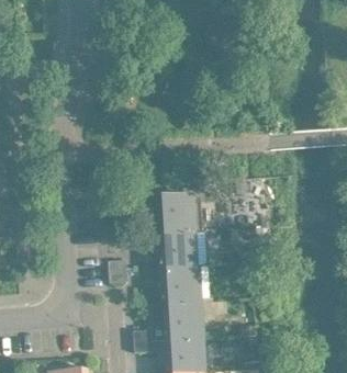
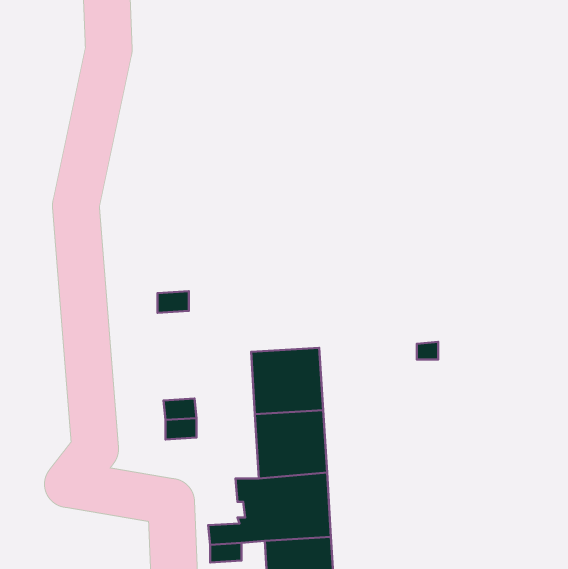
building: [155,194,195,233] -> none

